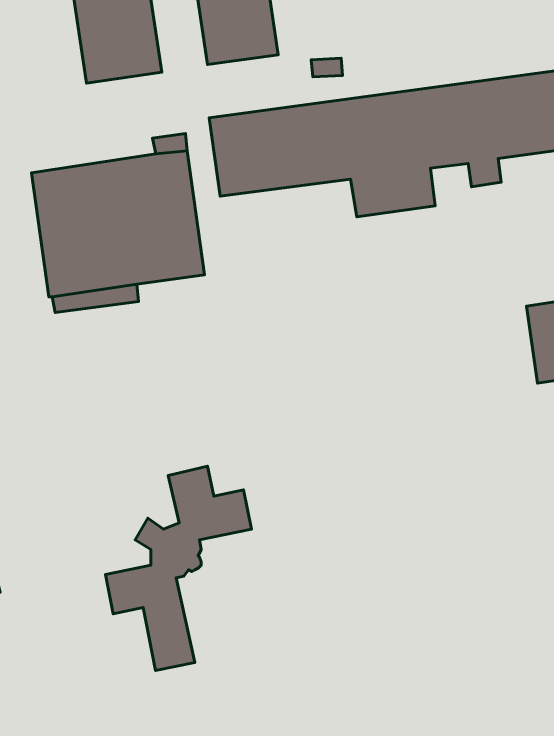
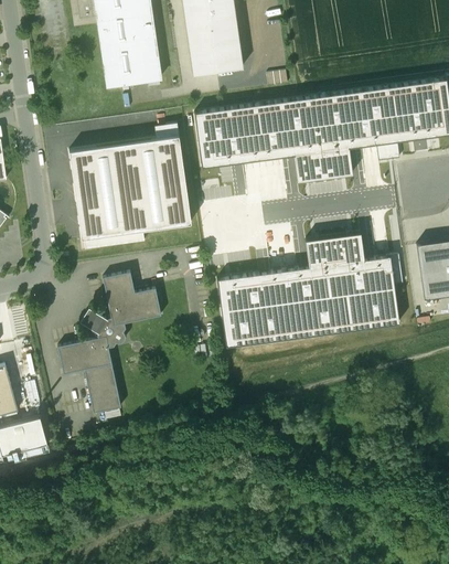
building: none -> [217,232,403,347]
building: [105,466,251,670] -> [58,269,161,413]

